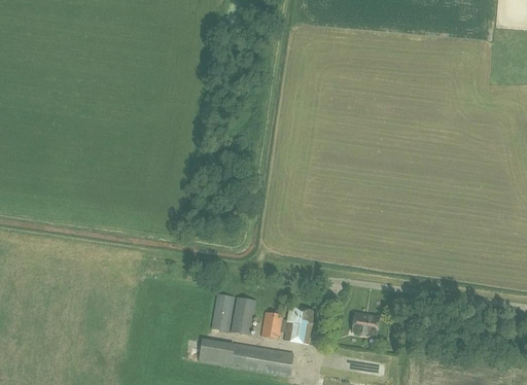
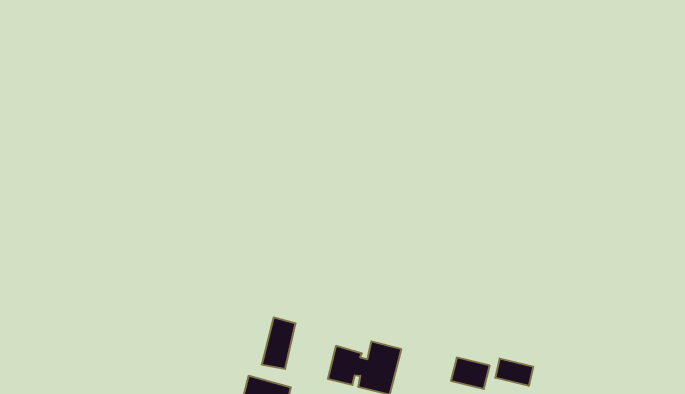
building: [232,296,257,335] -> none
building: none -> [495,358,533,386]

